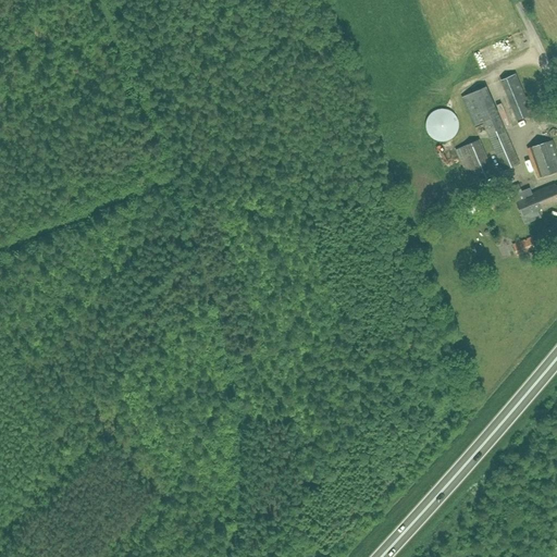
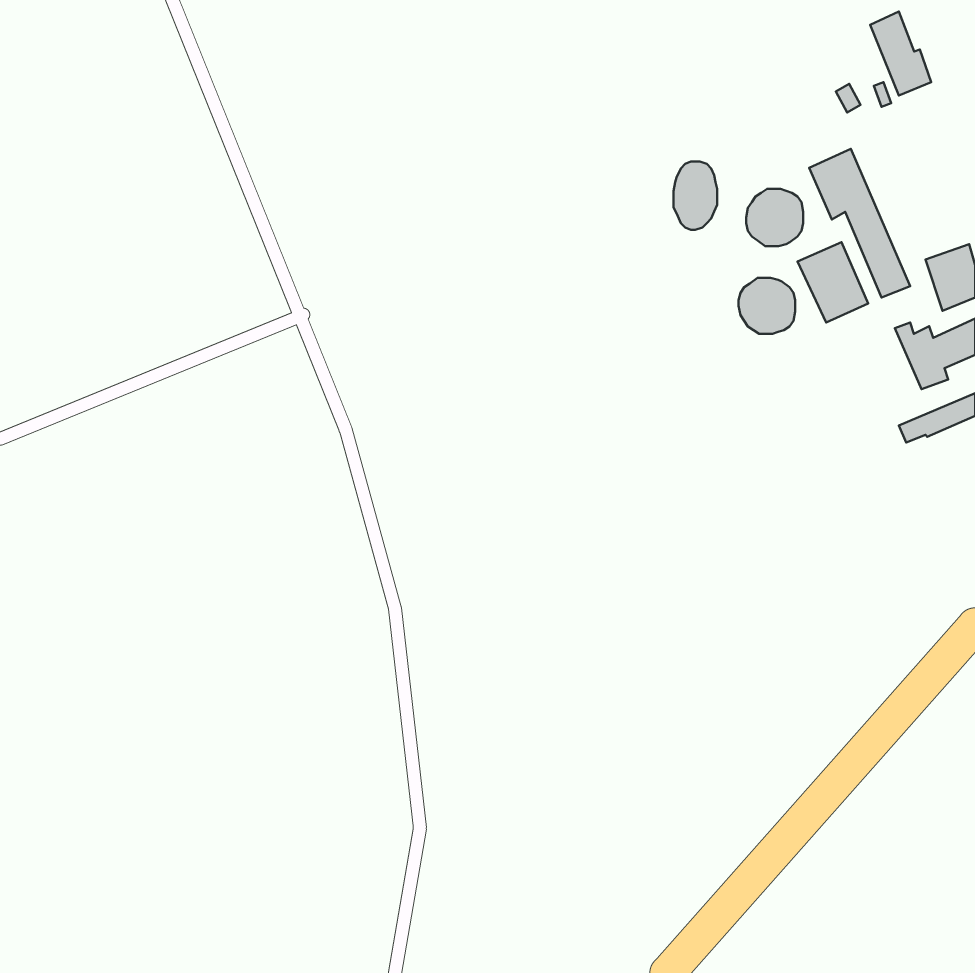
building: [500,72,535,120] -> [870,11,931,95]
building: none -> [674,162,717,230]
building: none -> [739,278,795,334]

